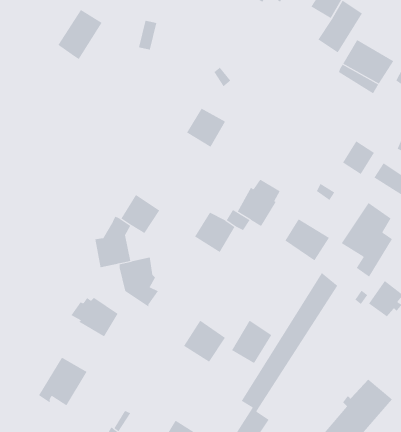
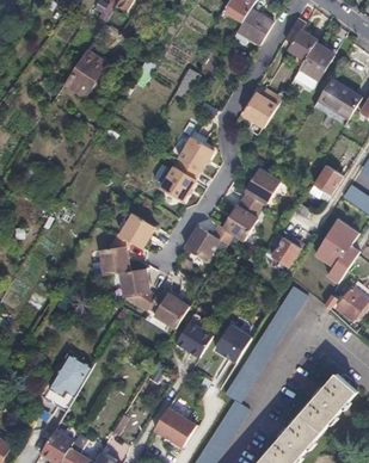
building: none -> [241,87,281,126]
building: none -> [161,158,199,199]
building: none -> [242,168,278,209]
building: [70,297,118,337] -> [146,292,187,327]

